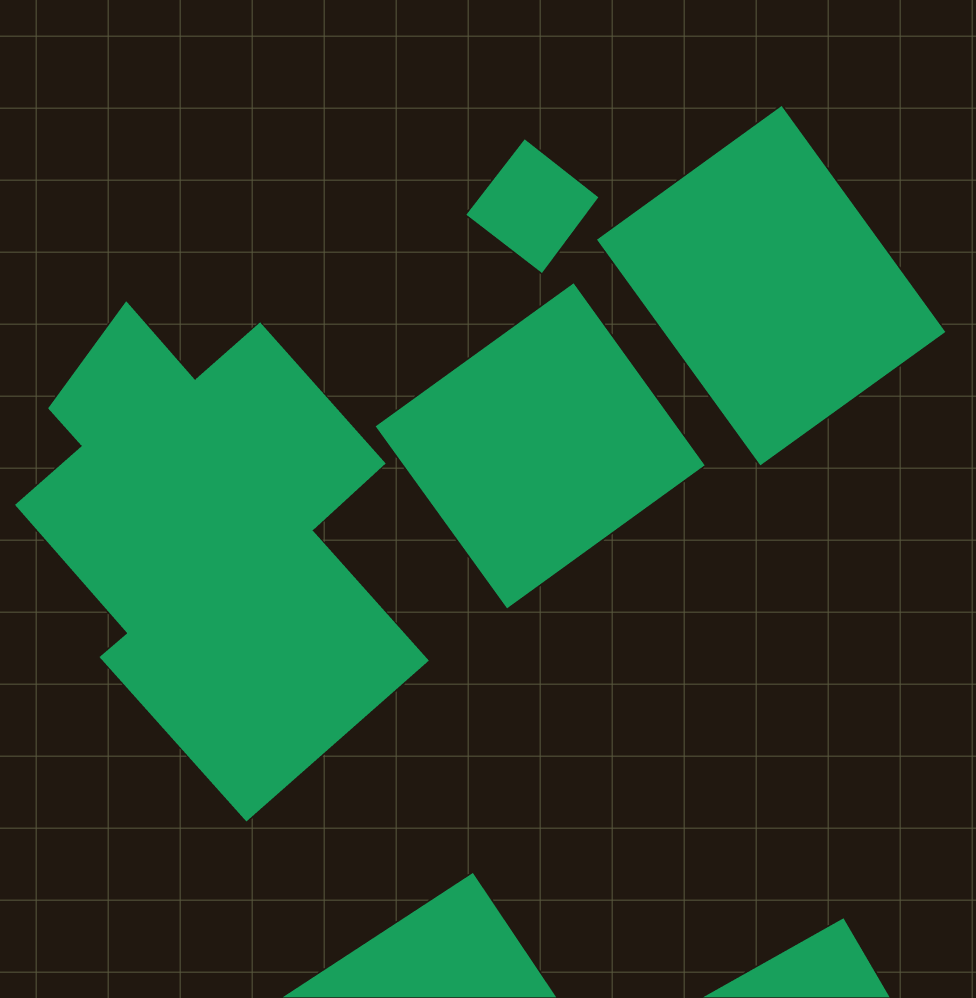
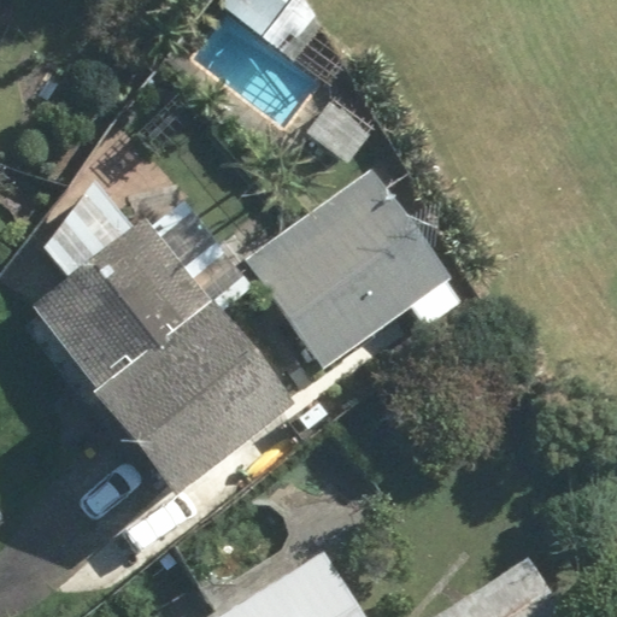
building: [596,105,946,467] -> none

